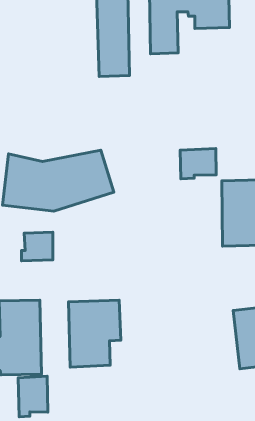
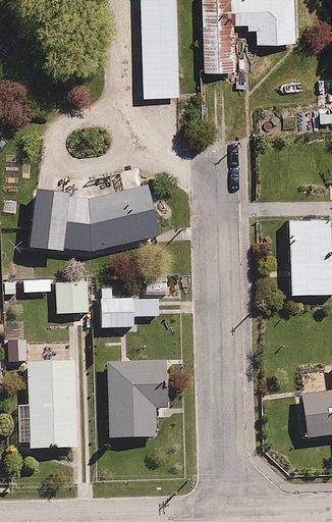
building: [180,149,216,179] -> none
building: none -> [100,286,159,327]
building: [18,376,48,417] -> none

